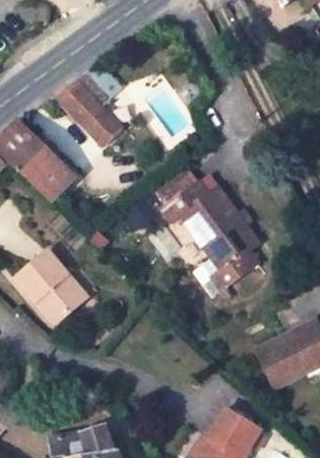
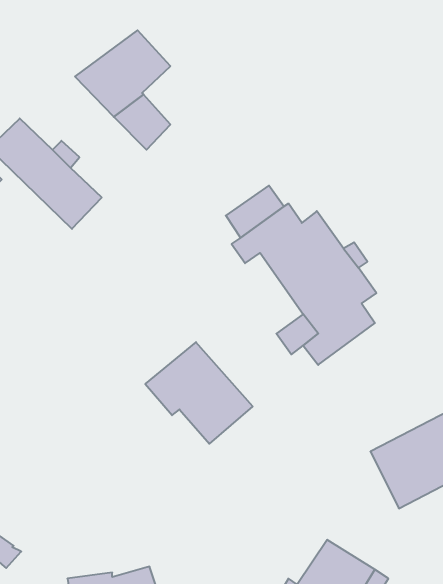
building: [13,256,86,325] -> [145,342,253,444]

